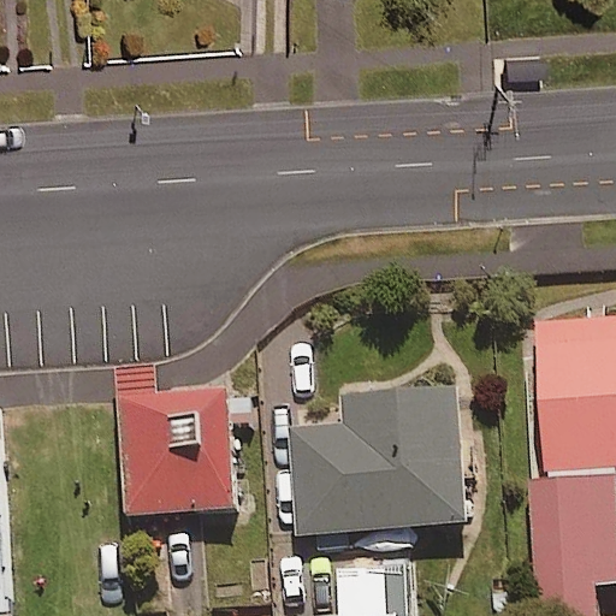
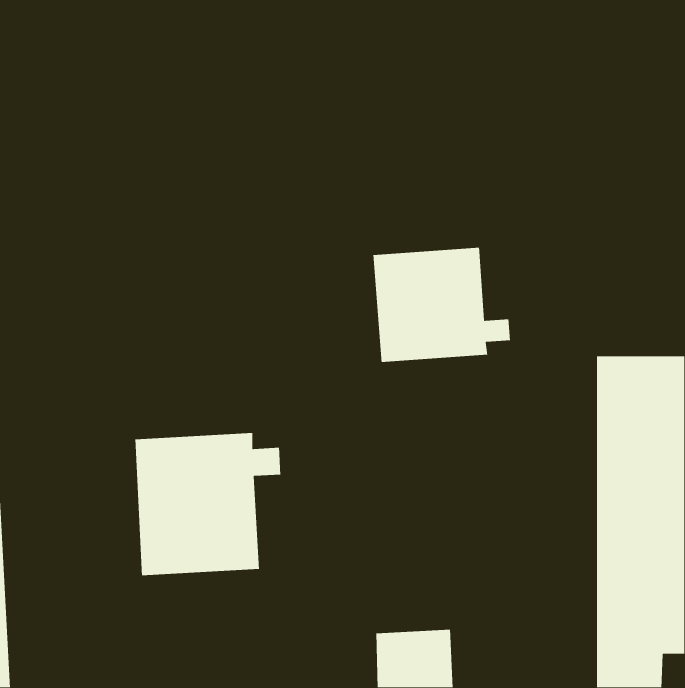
building: none -> [372,247,511,363]
building: [290,385,464,534] -> none

